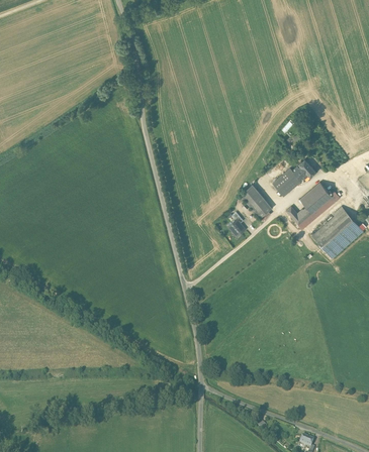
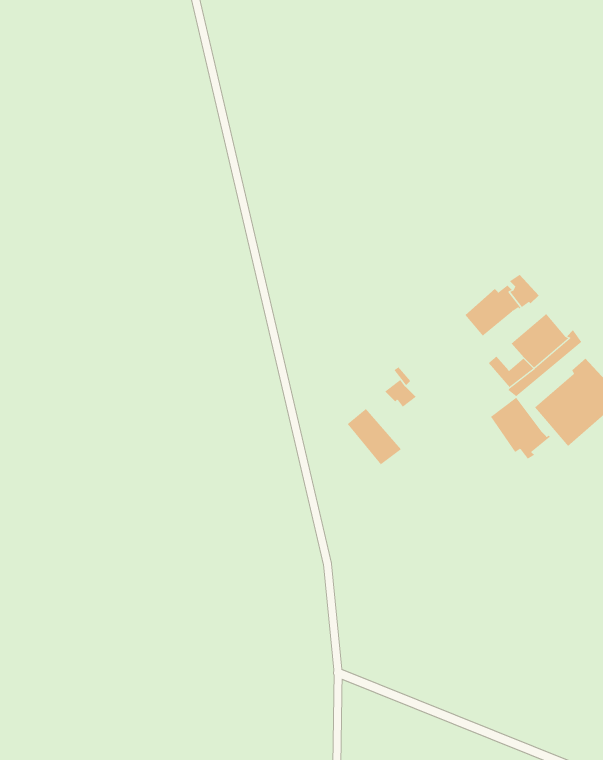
building: [241,185,272,217] -> [347,408,402,465]
building: none -> [490,397,551,459]

